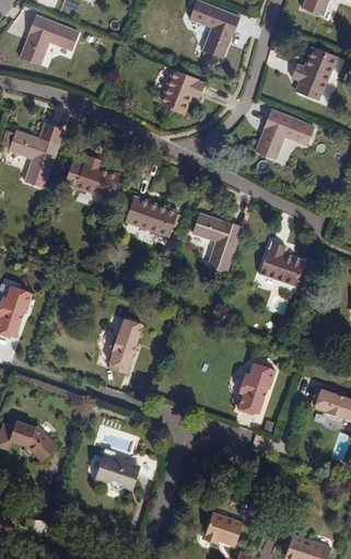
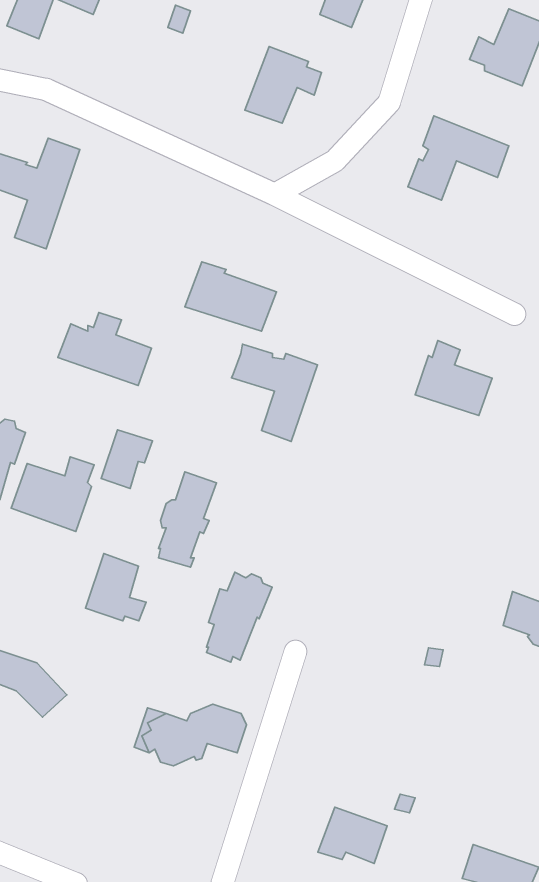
building: [65,155,119,198] -> [58,312,151,386]
building: [191,213,242,270] -> [231,344,318,442]
building: none -> [101,430,153,488]
building: none -> [11,457,94,532]
building: [238,362,277,415] -> [207,572,272,662]
building: none -> [85,554,146,621]

